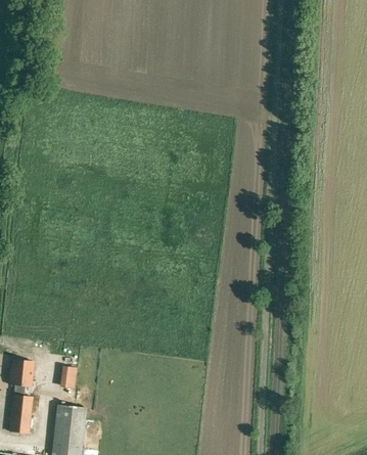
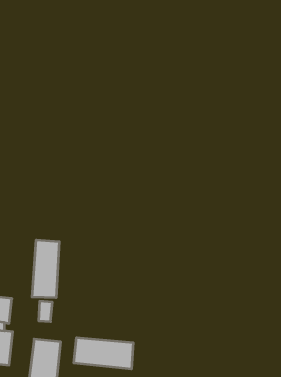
building: none -> [32,240,59,298]
building: none -> [74,338,133,369]

